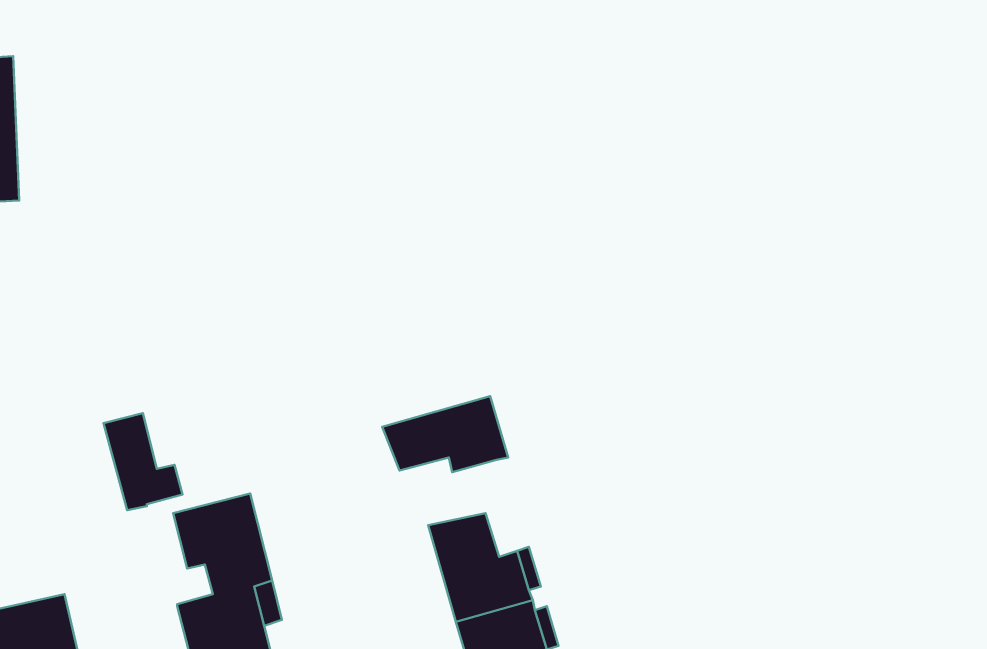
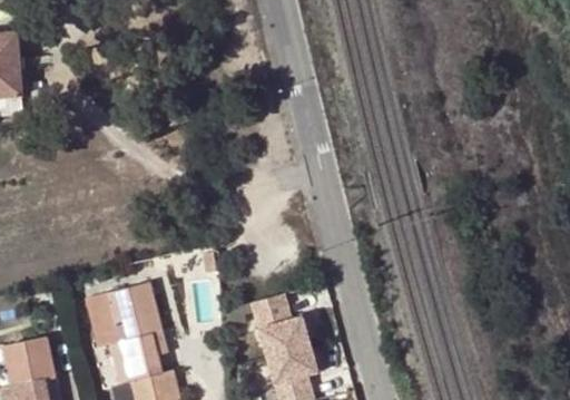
building: [382,396,508,472] -> none
building: [103,413,182,510] -> [85,293,129,348]

